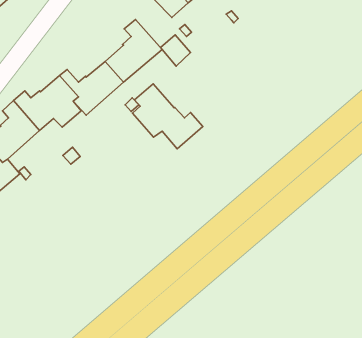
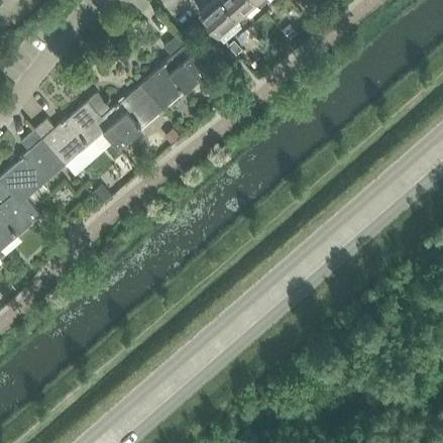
building: [161,35,191,66] -> none
building: [133,84,203,149] -> none

